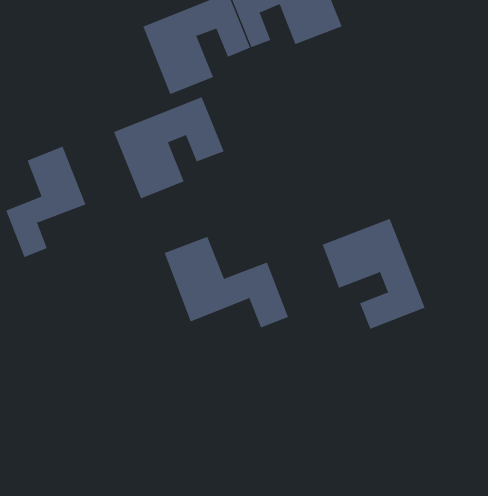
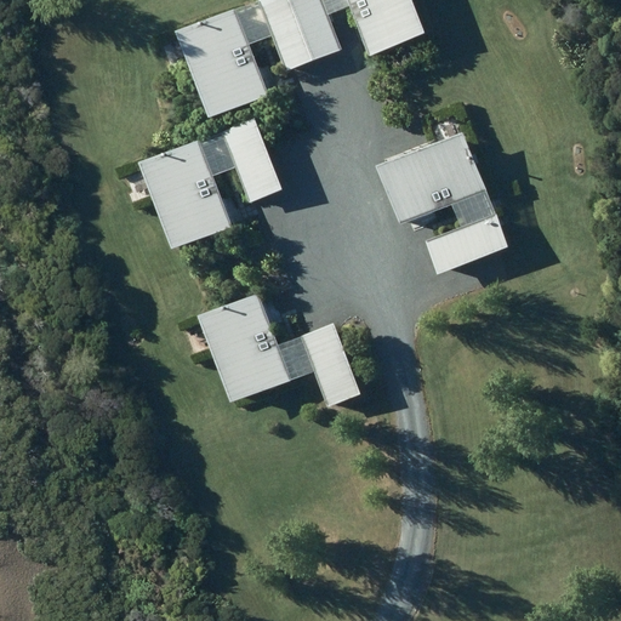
building: [6,146,86,258] -> none
building: [322,218,425,329] -> [377,133,506,272]

